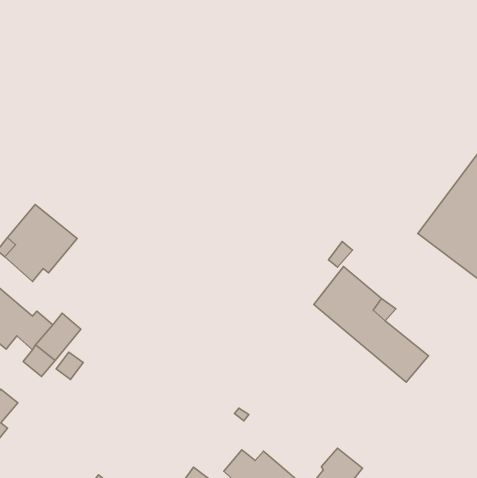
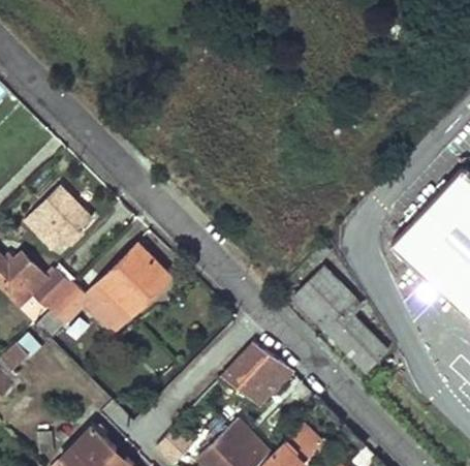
building: none -> [94,244,170,316]
building: none -> [222,343,293,407]

